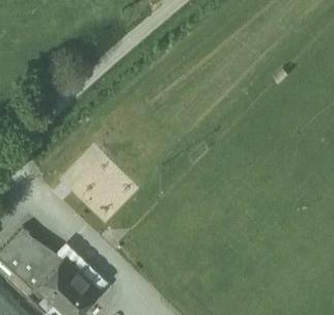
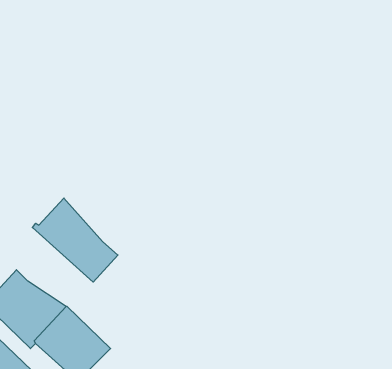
building: none -> [32,198,118,282]

